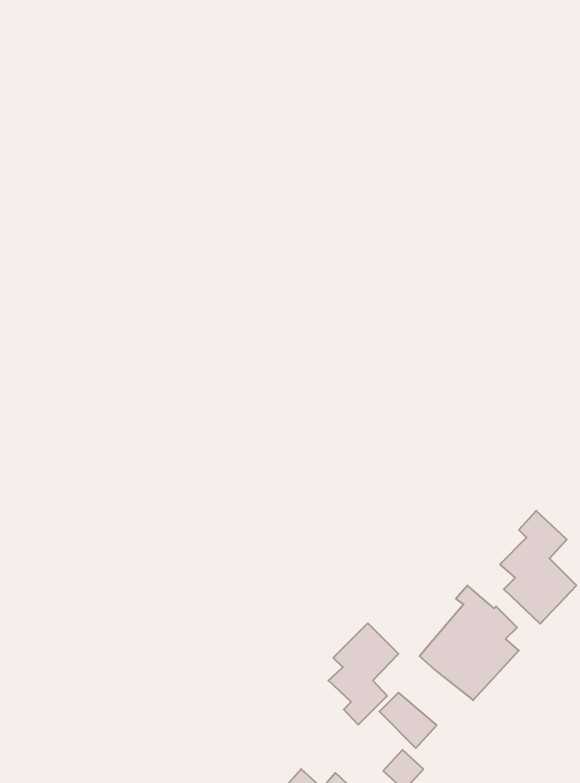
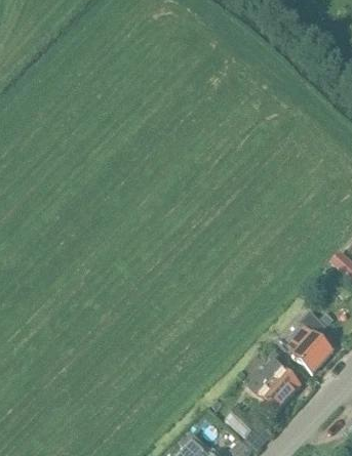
building: [328,623,398,725] -> none

